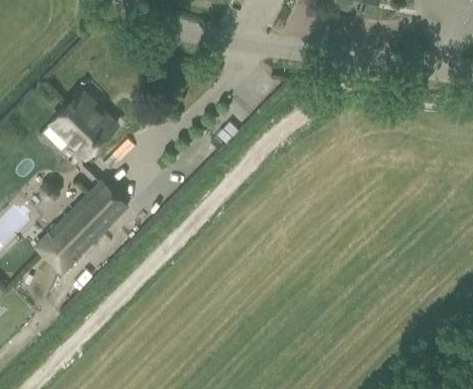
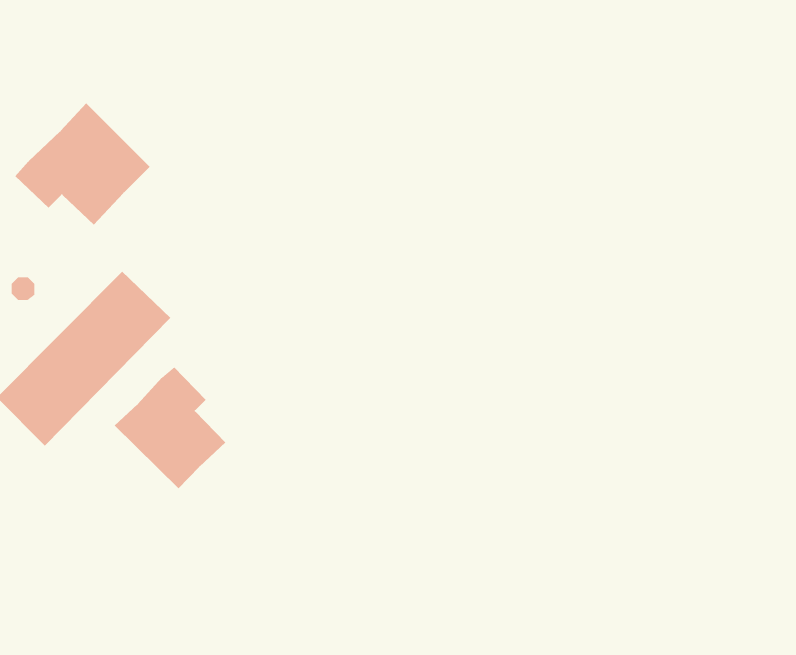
building: none -> [114,366,226,489]

